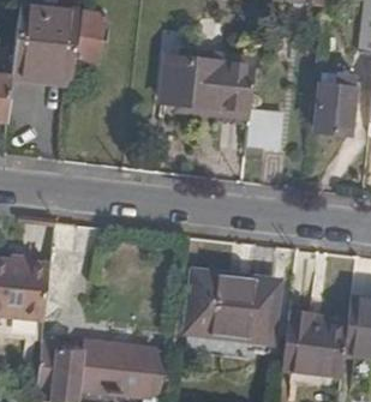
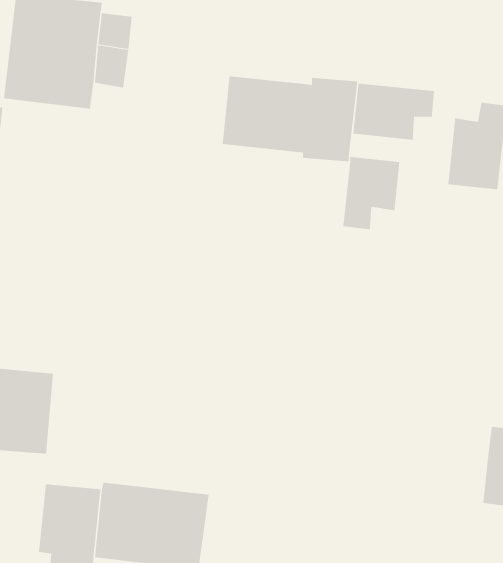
building: none -> [353,83,434,140]
building: [181,266,279,342] -> none
building: [281,312,347,373] -> none

